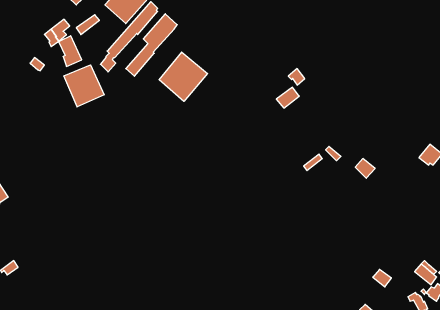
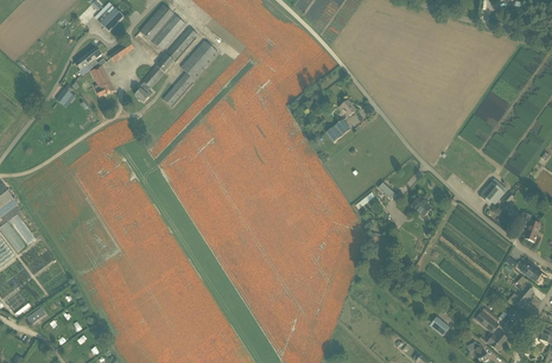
building: [159,52,208,101] -> none
building: [64,65,104,107] -> none

